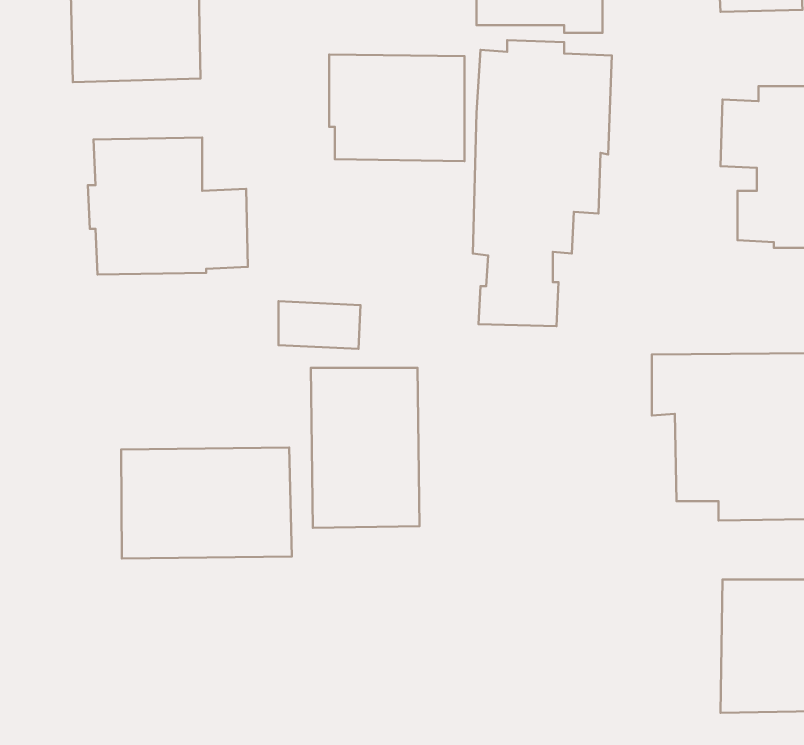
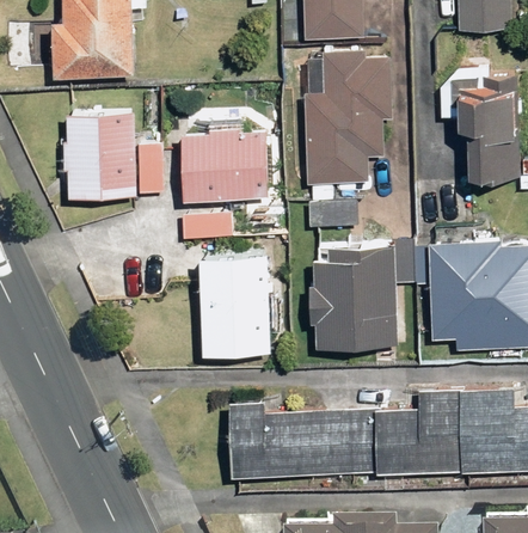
building: [329,54,464,161] -> [180,131,265,198]
building: none -> [314,243,412,348]
building: [121,448,292,558] -> none
building: none -> [231,387,460,474]

